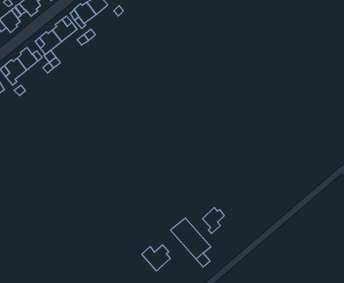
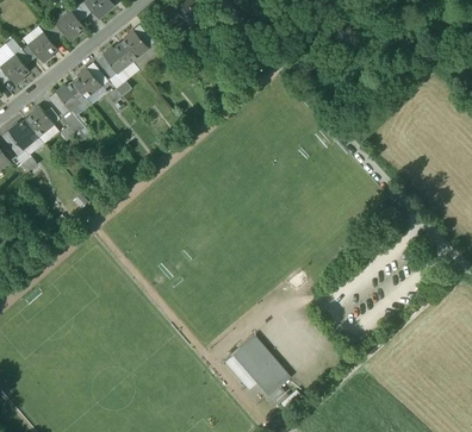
building: [203,208,224,234] -> none
building: [142,245,170,271] -> none

